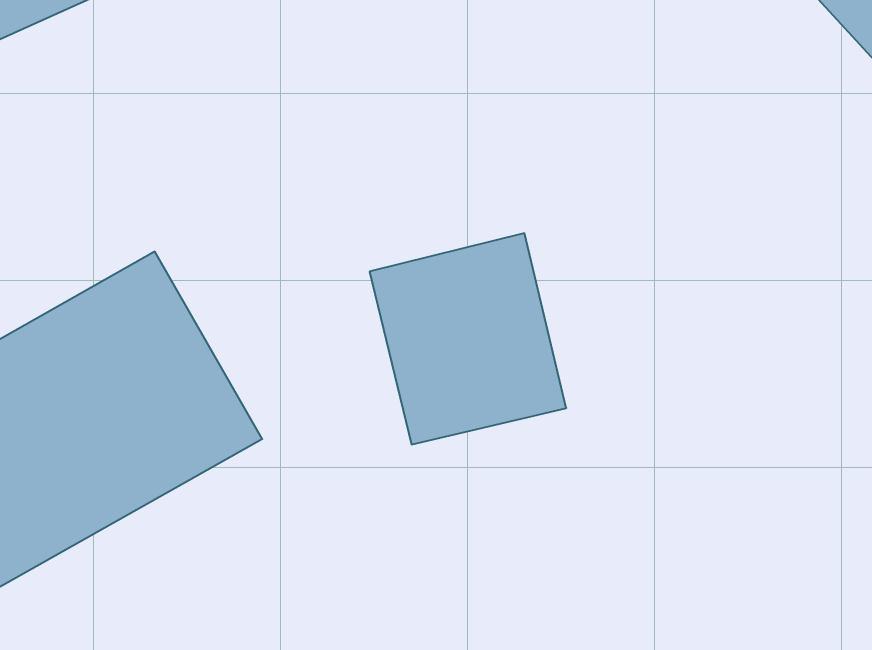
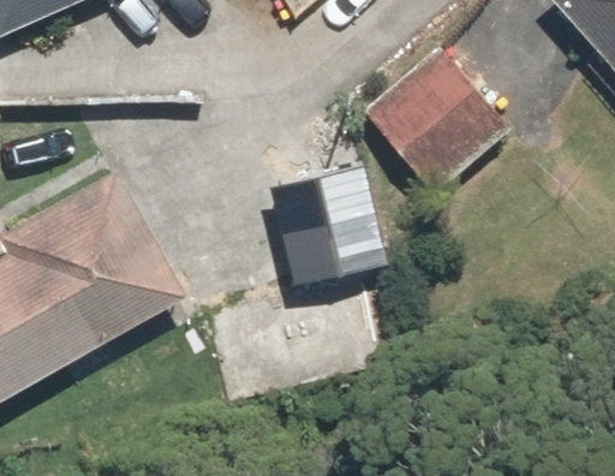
building: none -> [364,49,509,195]

